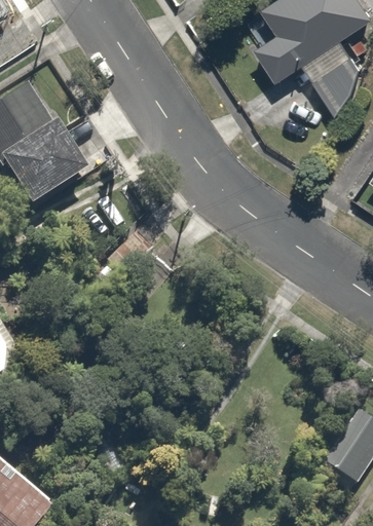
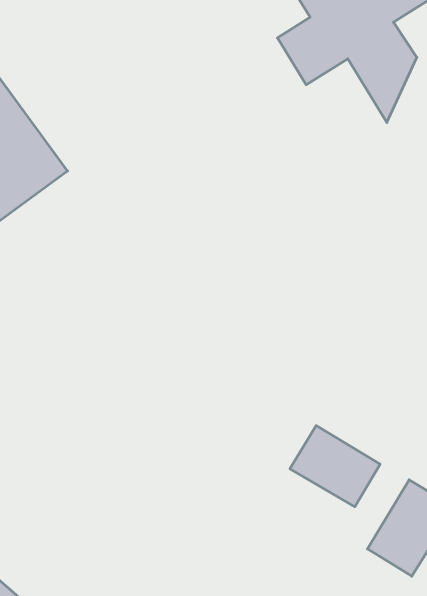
building: none -> [290,426,380,507]

